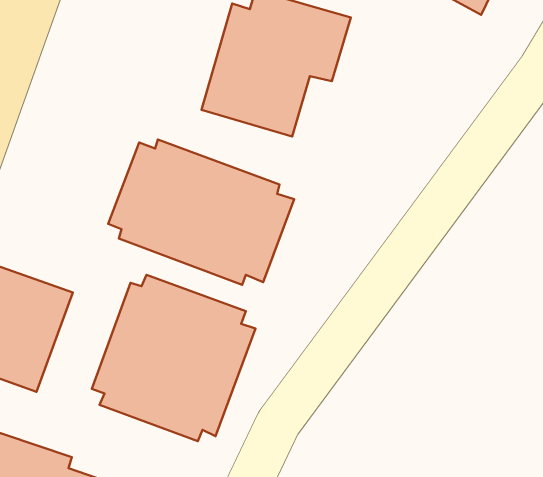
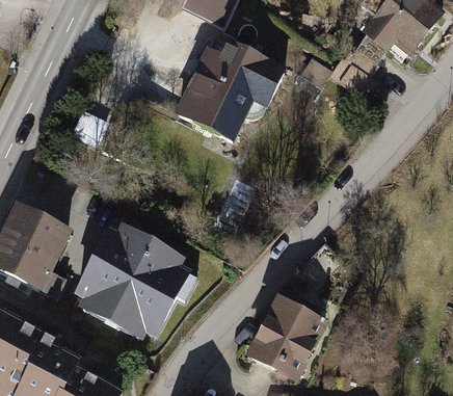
building: [108,139,294,285] -> none
building: none -> [244,292,325,378]

